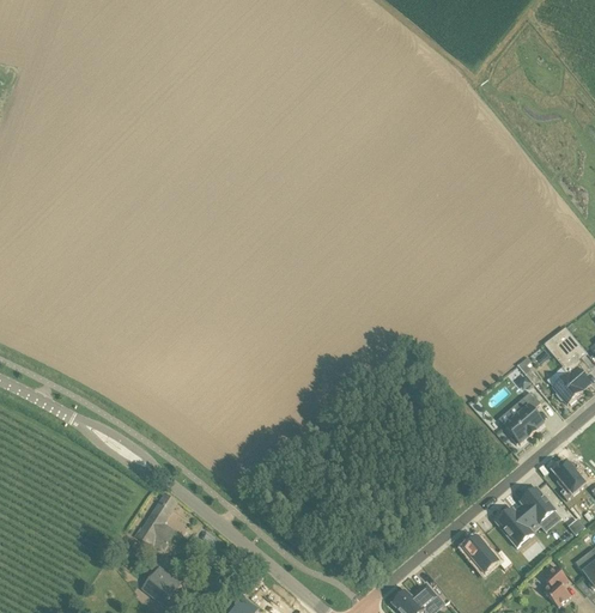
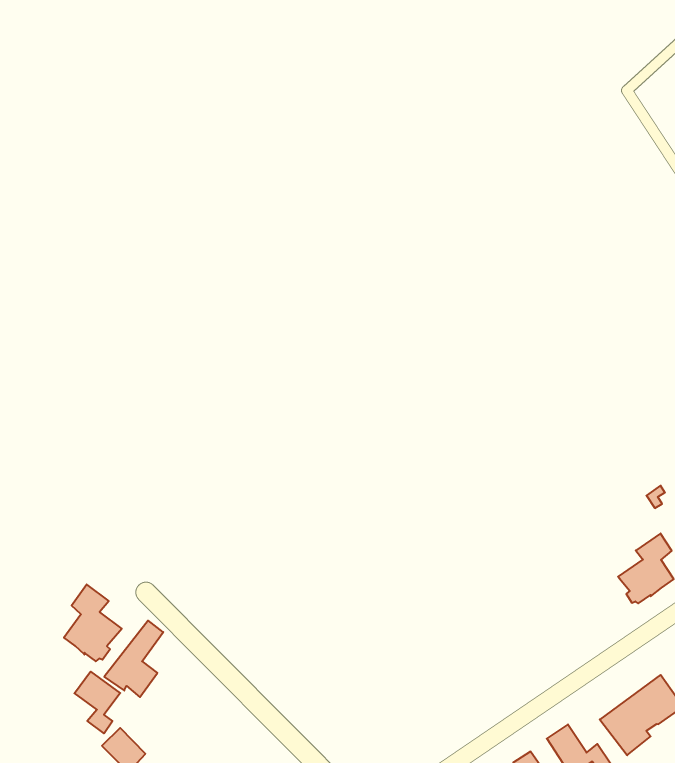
building: none -> [64,584,122,661]
building: none -> [74,672,120,733]

